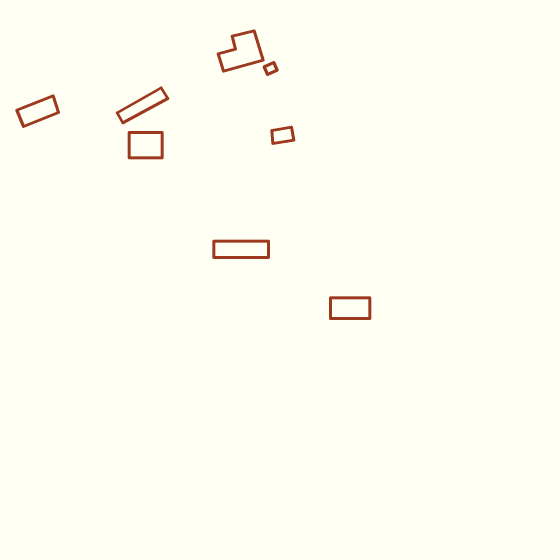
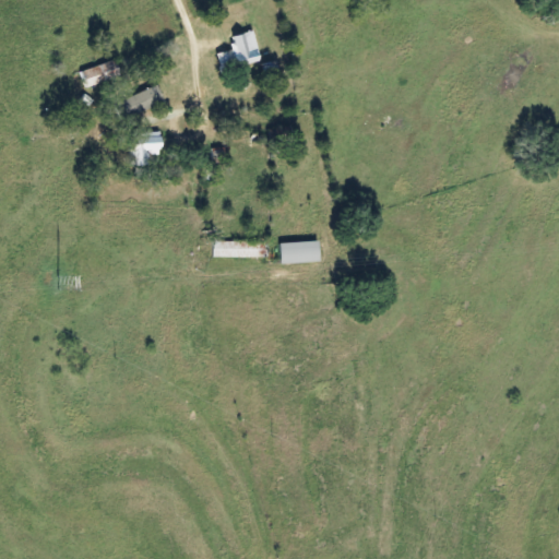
building: [17,96,59,127] -> [80,58,121,88]
building: [331,298,370,319] -> [281,241,320,262]

